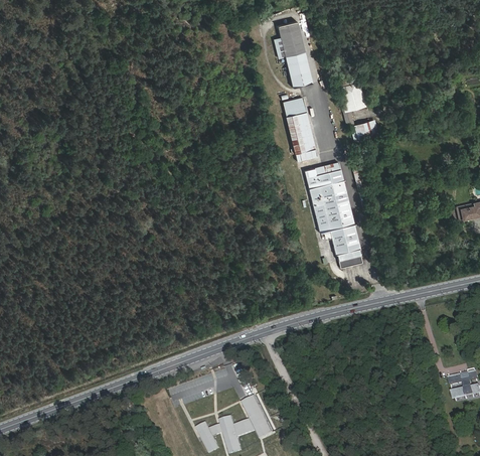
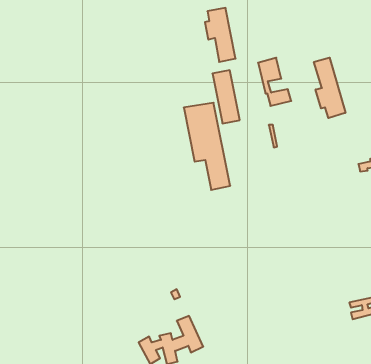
building: none -> [314,58,345,118]
building: [306,162,362,268] -> [184,103,230,190]

